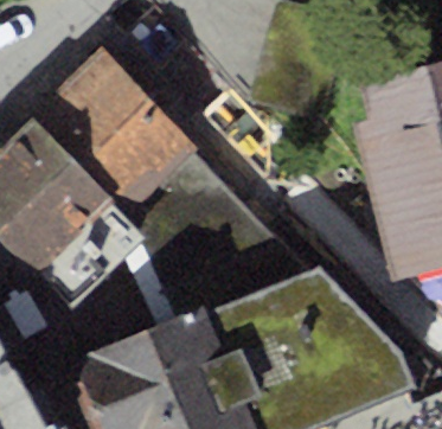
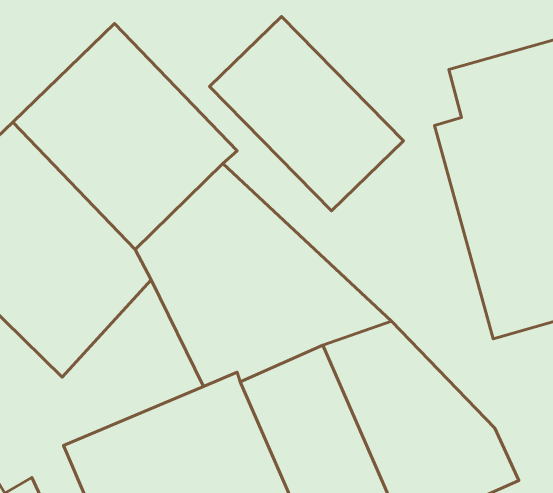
building: none -> [210,16,404,211]

